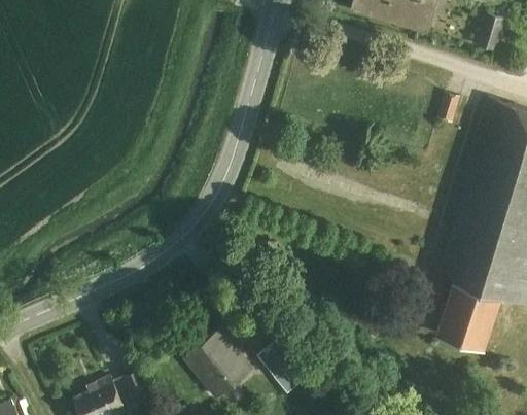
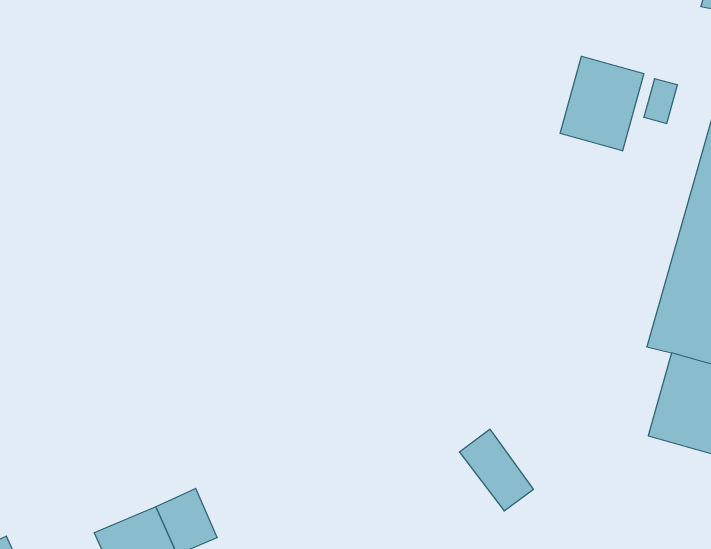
building: none -> [560,56,644,151]
building: [186,330,256,400] -> none
building: [259,341,309,395] -> [459,429,533,511]

